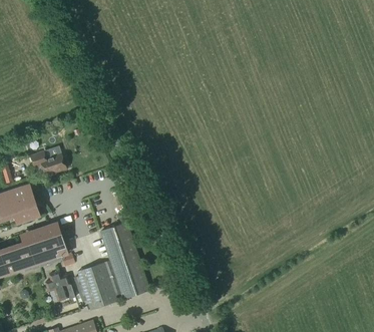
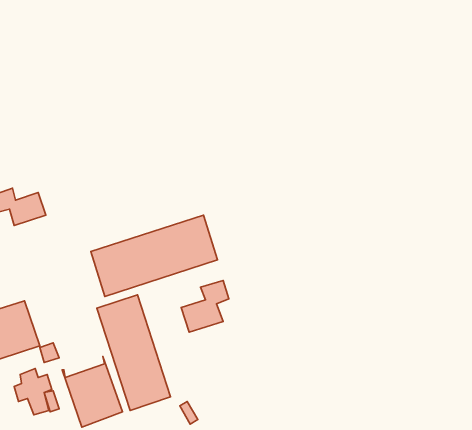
building: none -> [91,215,218,296]
building: none -> [181,280,229,332]

